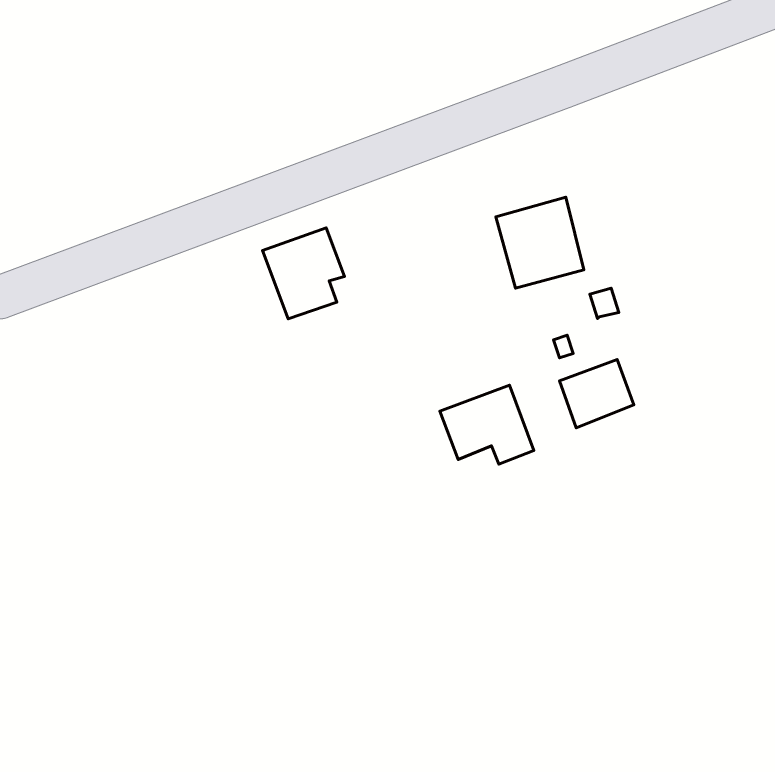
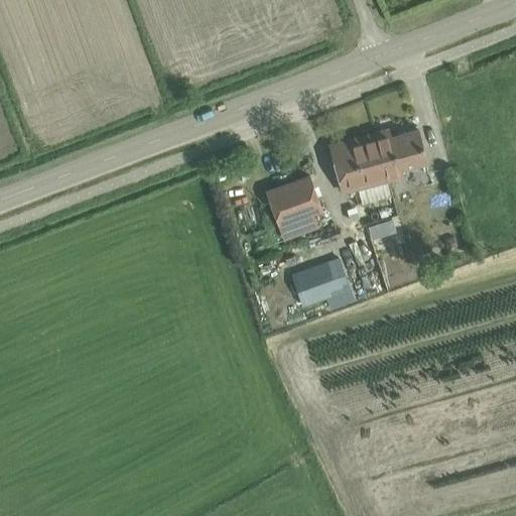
building: none -> [376,130,427,181]
building: [262,228,344,319] -> [267,177,321,238]

